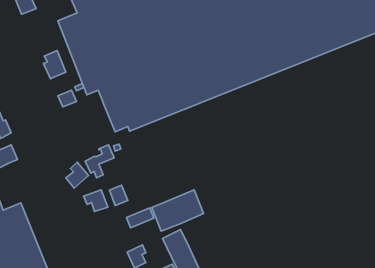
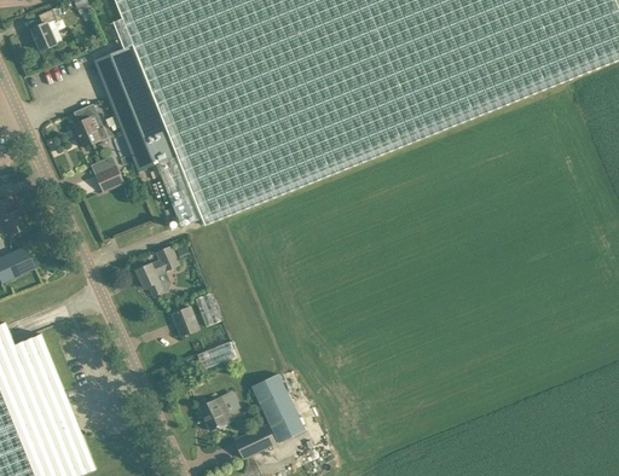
building: [66,162,88,188] -> none
building: [83,190,108,212] -> none
building: [152,190,204,231] -> none

